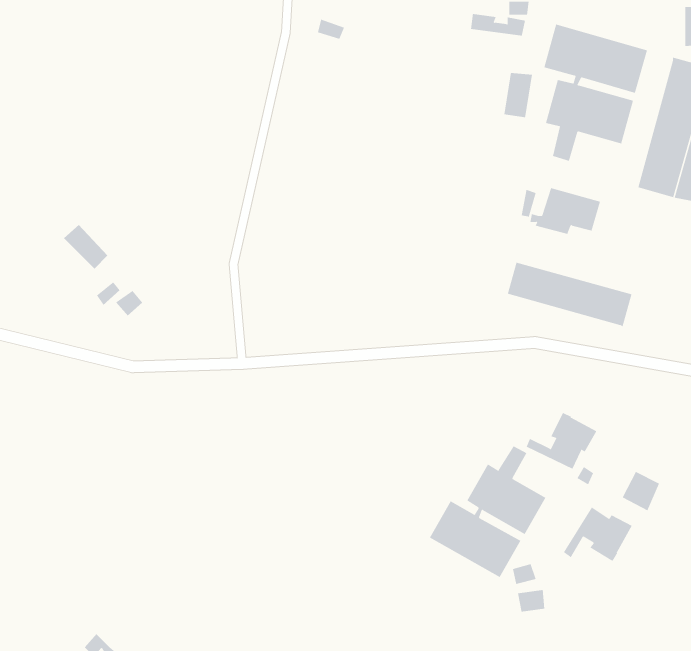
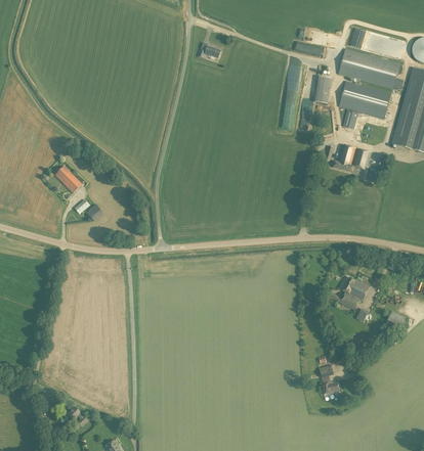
building: [507,262,632,328] -> none
building: [429,445,546,578] -> none
building: [563,506,633,562] -> none

